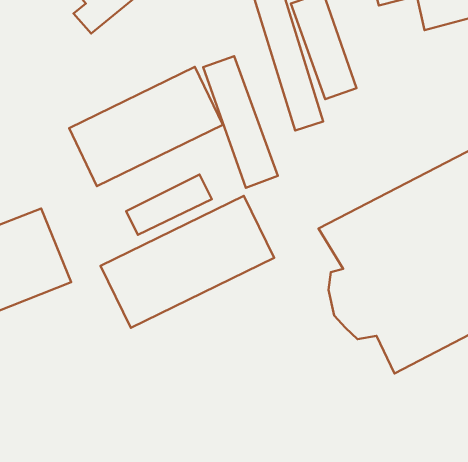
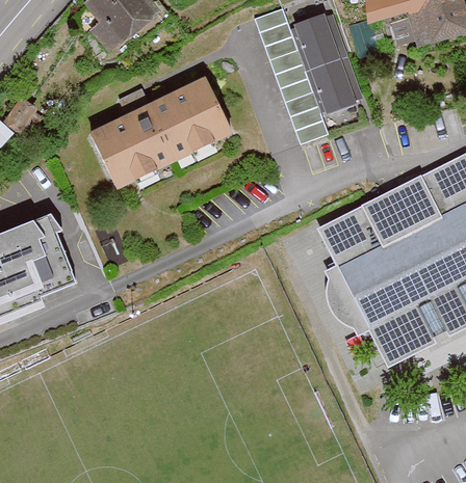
building: [203,56,278,188] -> none
building: [126,175,212,235] -> none
building: [100,196,274,328] -> none

